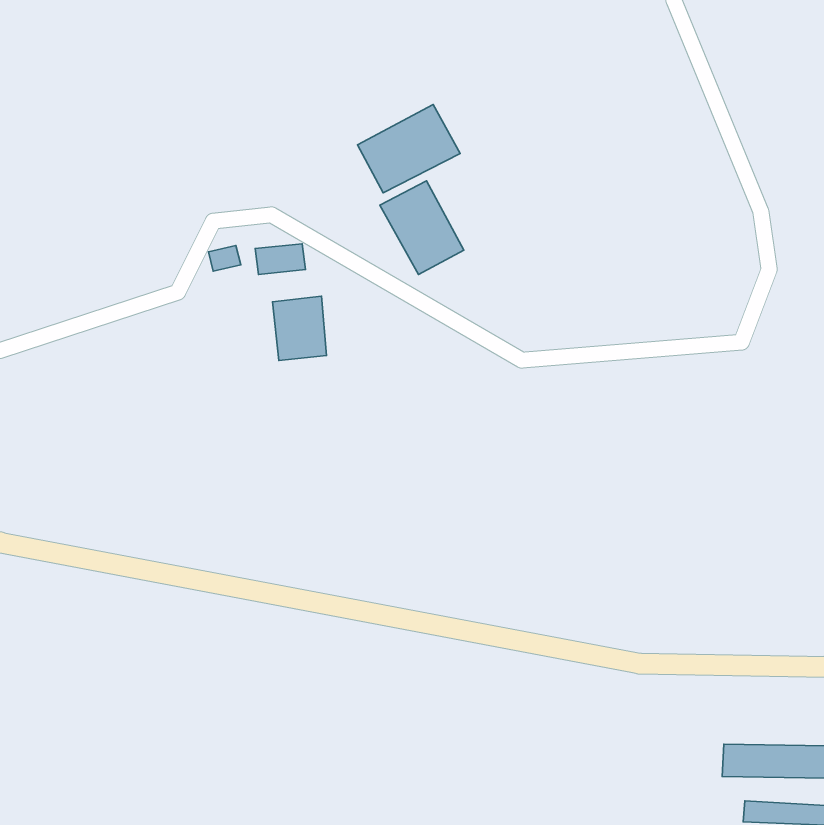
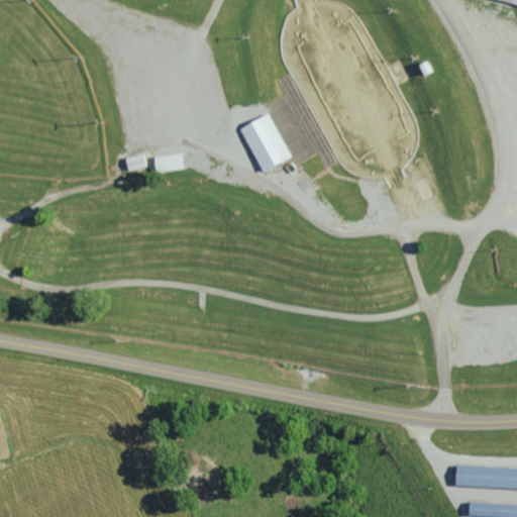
building: [358,105,460,193] -> none
building: [273,296,326,360] -> none

